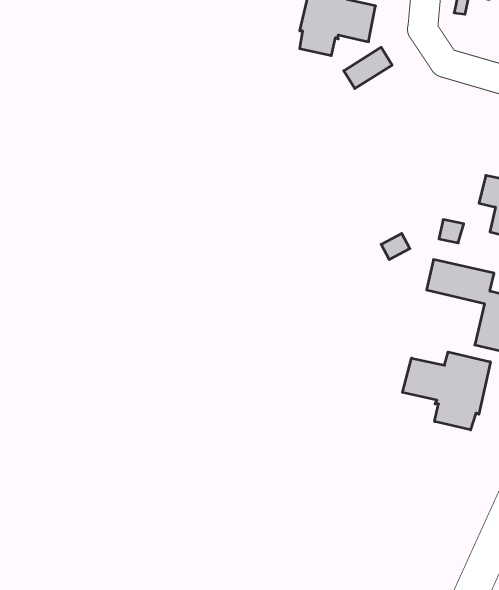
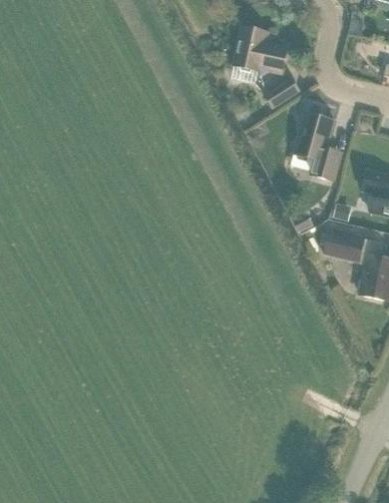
building: none -> [293,111,342,179]
building: [402,352,490,430] -> none

